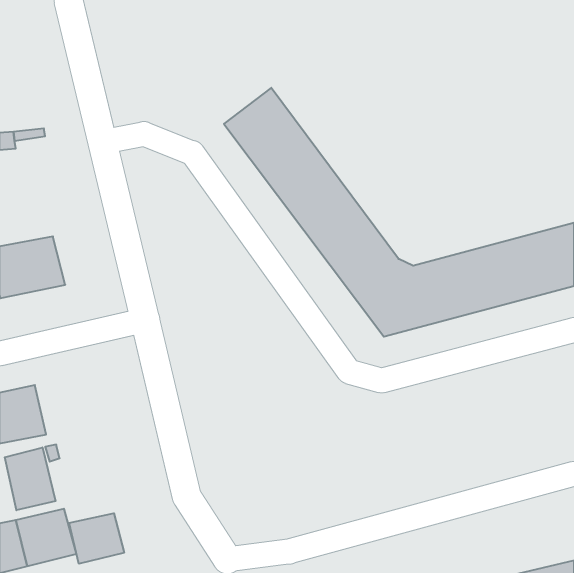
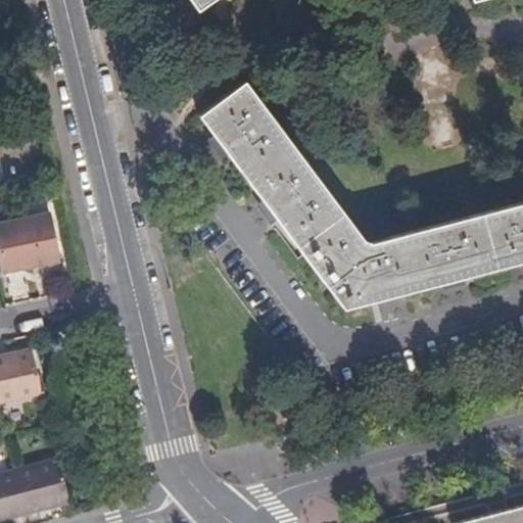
building: [5,447,56,510] -> none
building: [69,513,124,564] -> none

